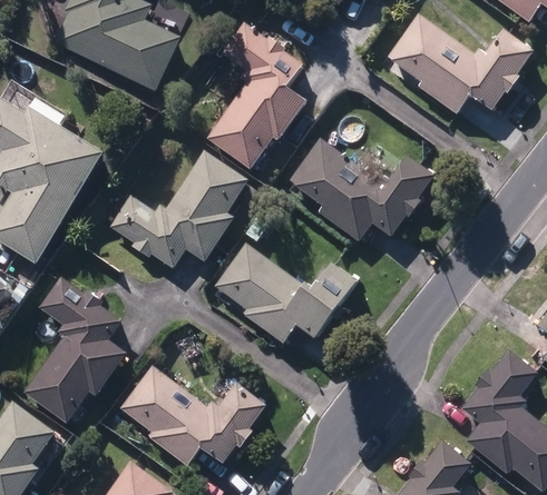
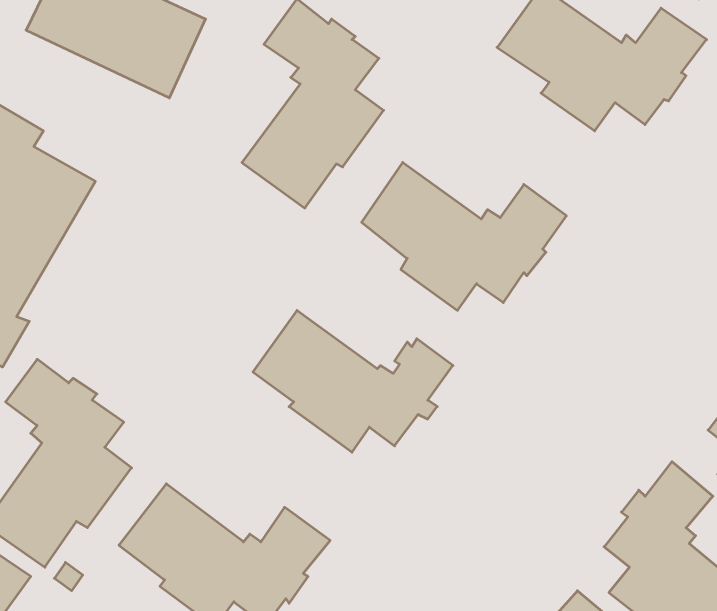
building: [110,151,250,268] -> none

